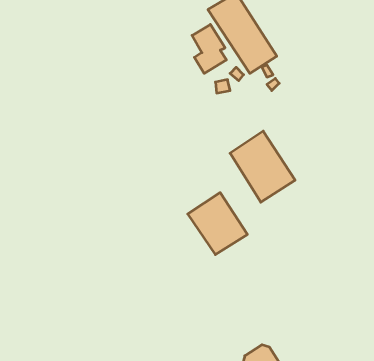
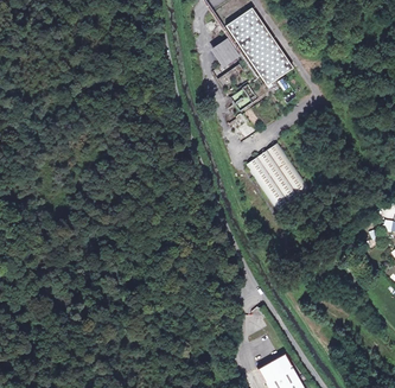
building: [188,193,247,255] -> none

